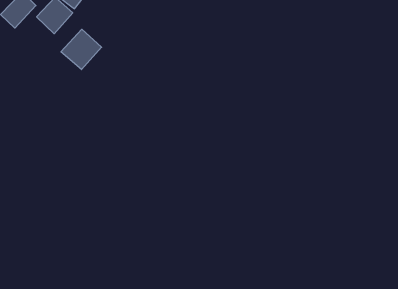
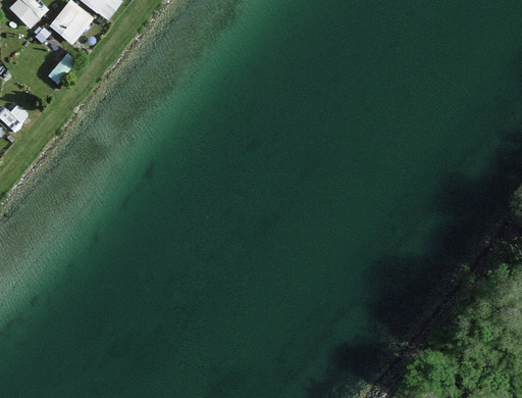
building: [61,29,102,70] -> none

